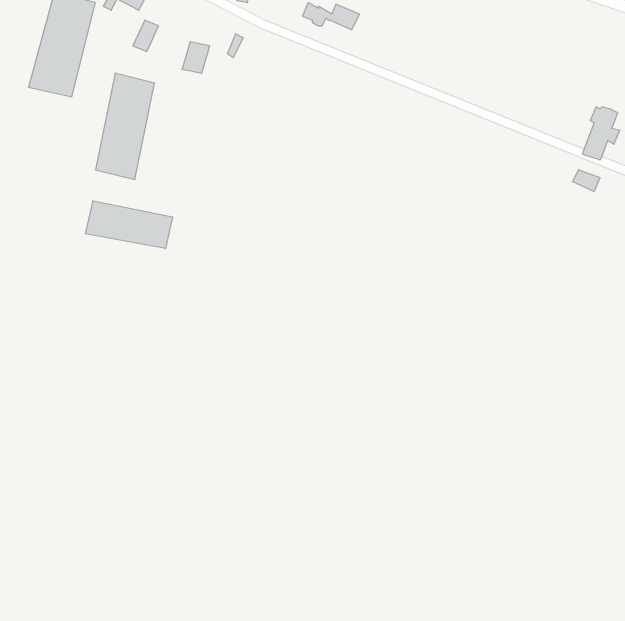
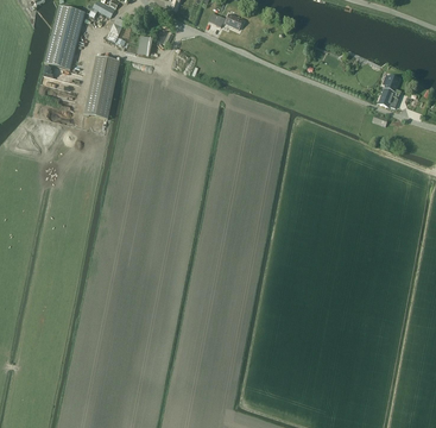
building: [85,201,172,249] -> none

